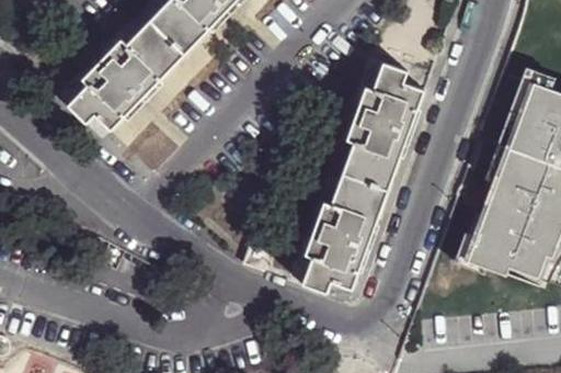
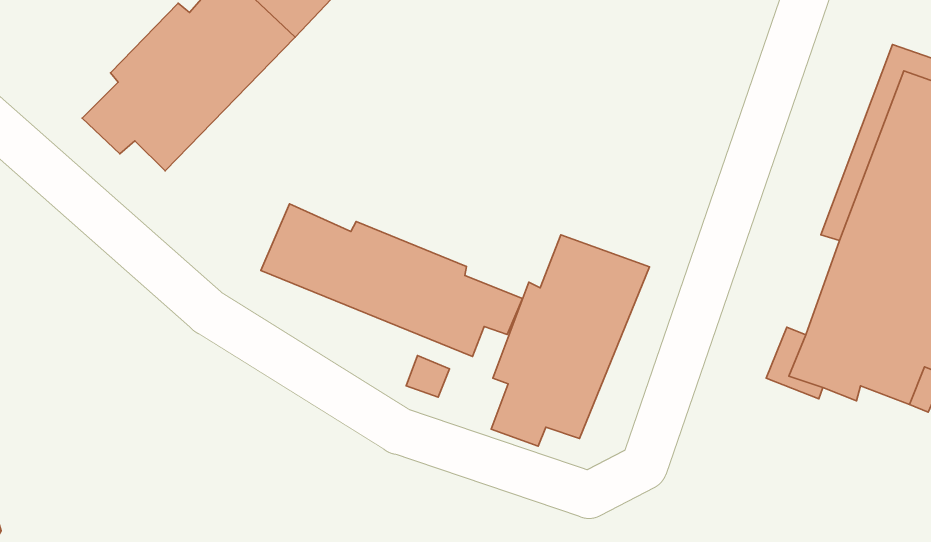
building: [339,60,427,193] -> none
building: none -> [261,204,523,357]

